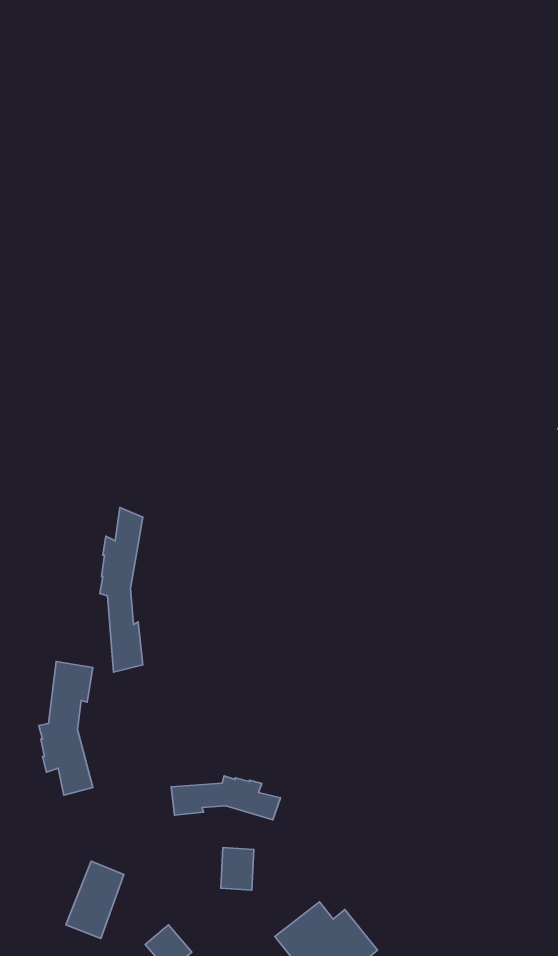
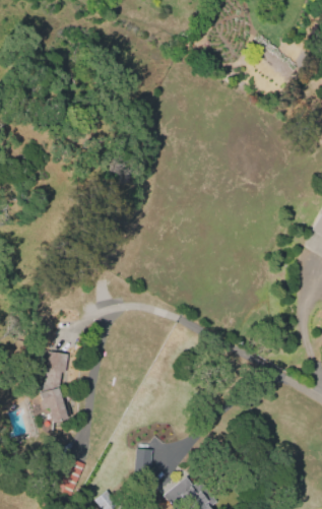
building: [100,507,143,672] -> none
building: [171,776,280,820] -> none

